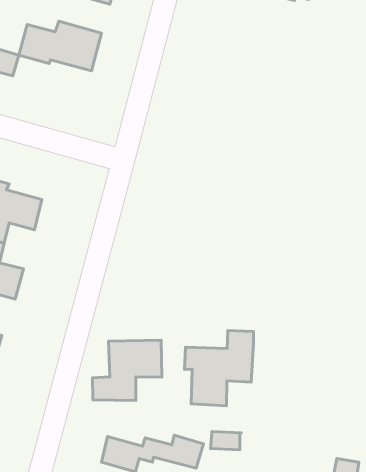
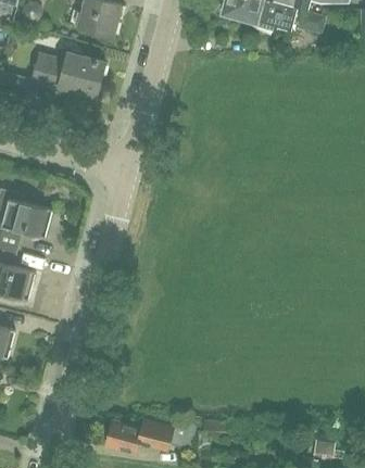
building: [185,331,254,406] -> none
building: [92,340,162,401] -> none

